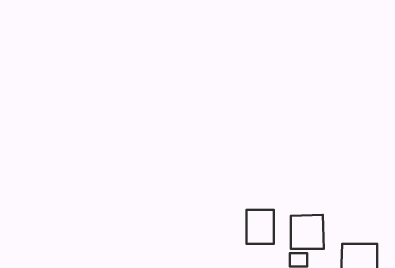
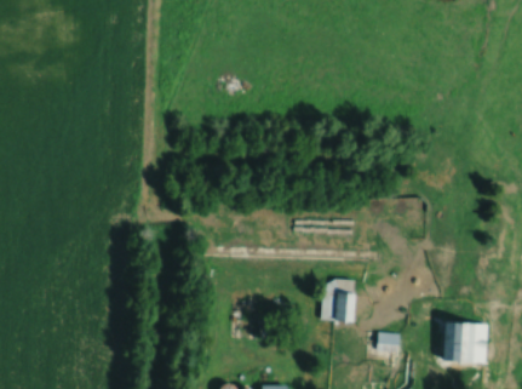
building: [291,215,324,249] -> none

